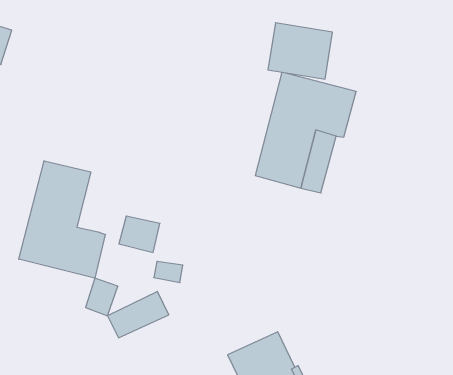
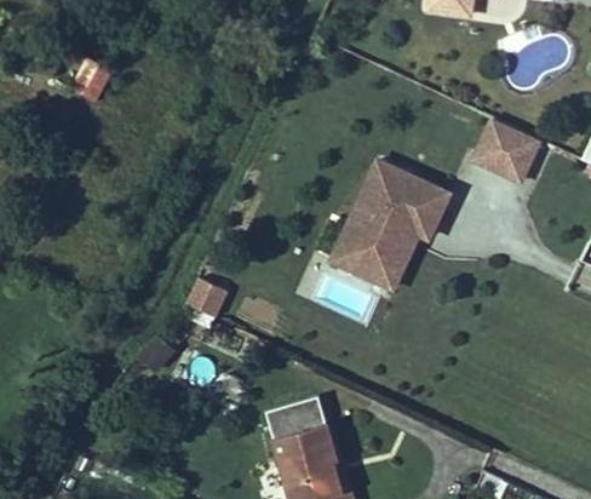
building: [268,23,332,79] -> [469,119,540,184]
building: [19,161,105,278] -> none
building: [107,291,169,338] -> [265,395,327,435]

